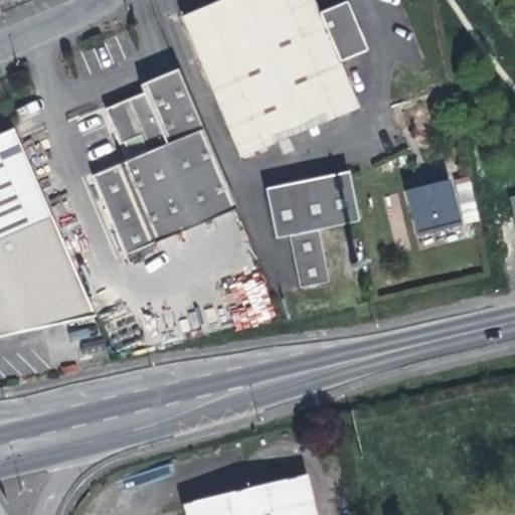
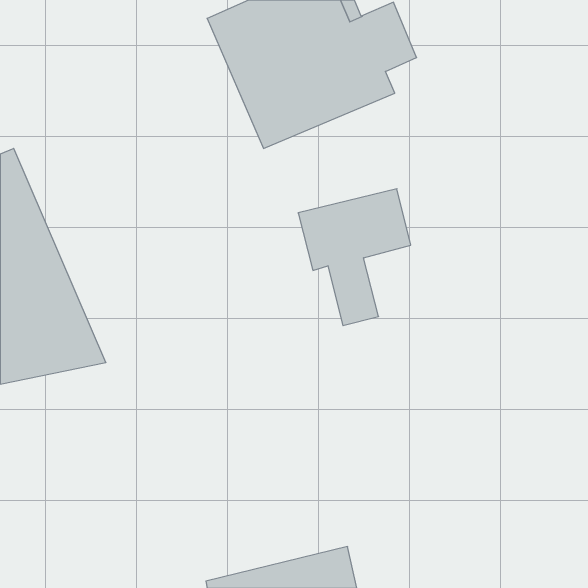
building: [90,67,235,256] -> none
building: [230,81,356,157] -> none
building: [407,161,464,224] -> none

